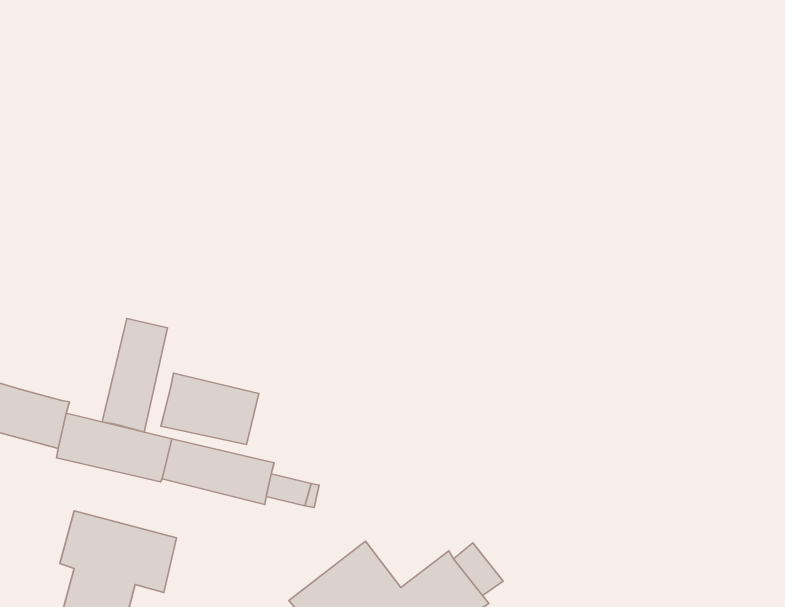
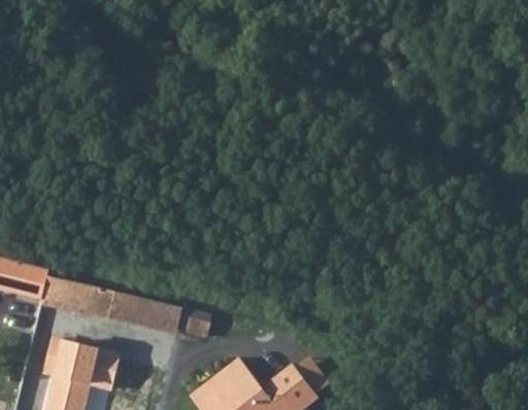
building: [102,319,167,432] -> none
building: [161,373,259,445] -> none

